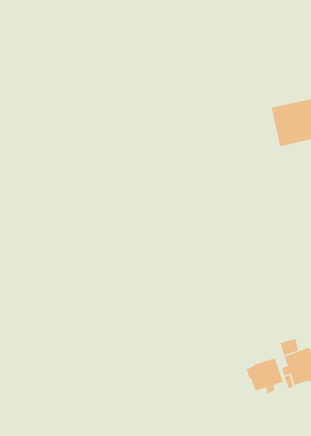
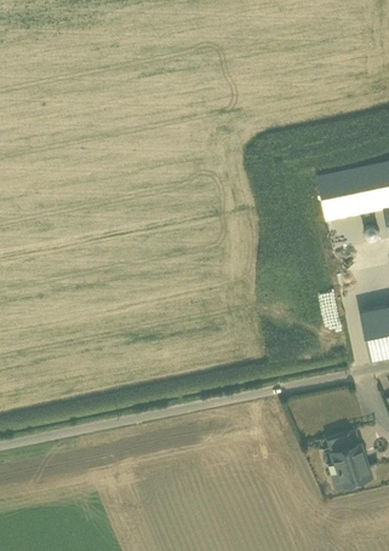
building: [246,358,283,394] -> none

